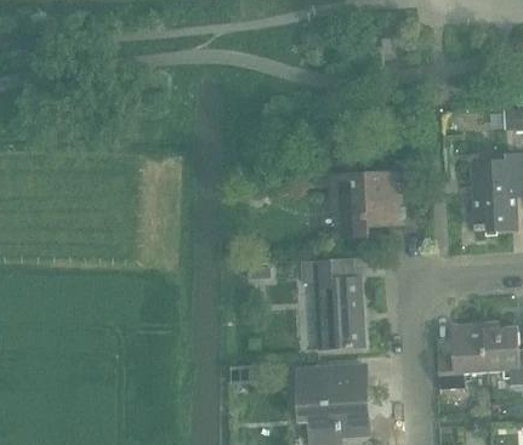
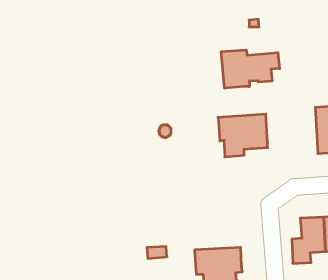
building: none -> [221,50,280,88]
building: [302,261,363,349] -> none

